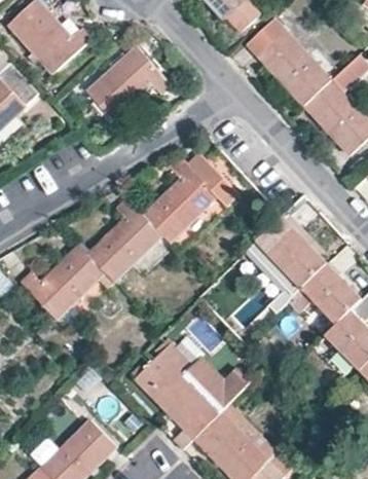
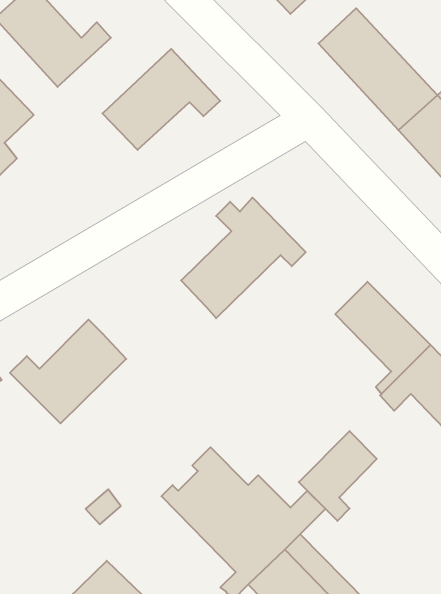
building: [85,196,161,283] -> none
building: none -> [299,431,377,521]

